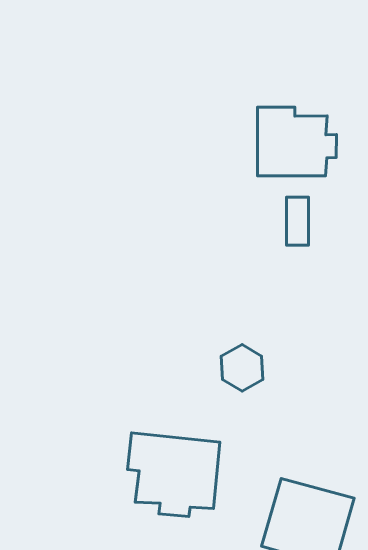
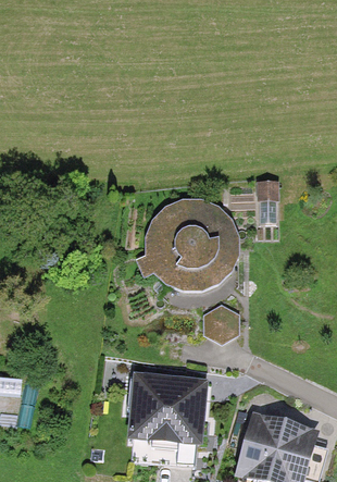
building: [257,107,337,176] -> none
building: none -> [137,205,234,286]

